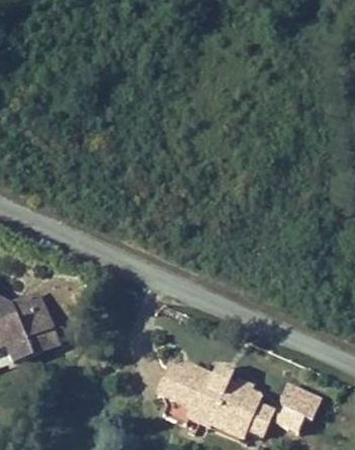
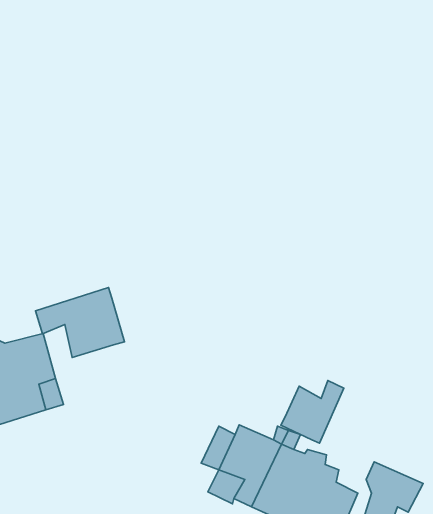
building: none -> [35,288,124,357]
building: none -> [281,381,344,443]

